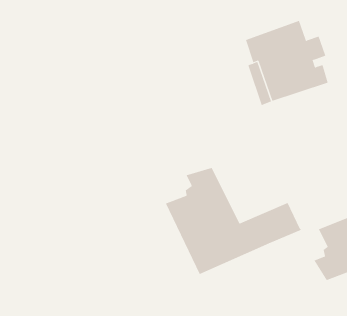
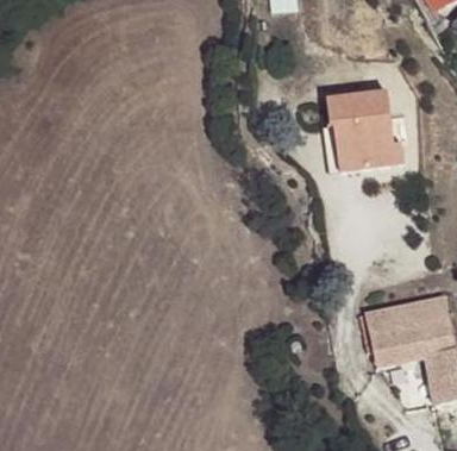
building: [165,167,302,275] -> none

